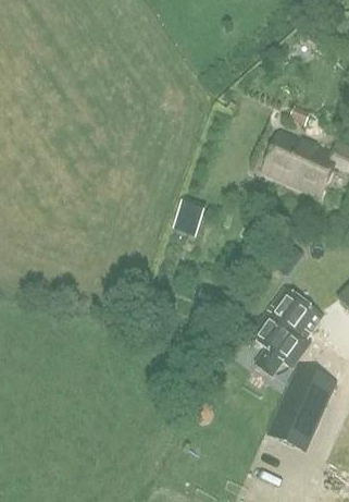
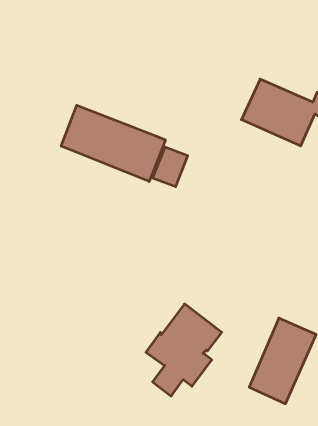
building: none -> [61,105,165,182]
building: [247,286,322,378] -> [146,304,222,396]

